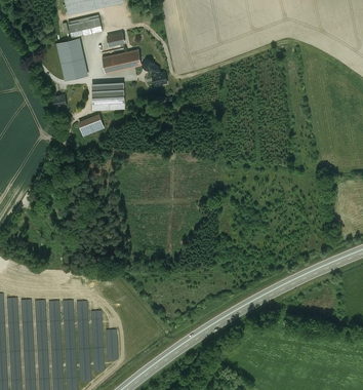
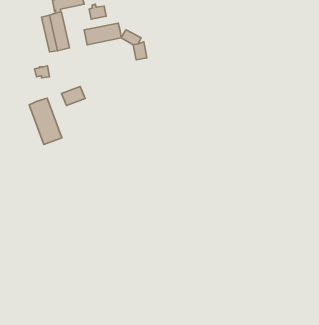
building: [91,85,123,109] -> none
building: none -> [29,98,62,145]

